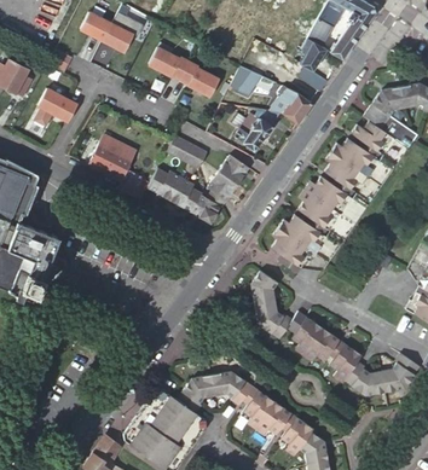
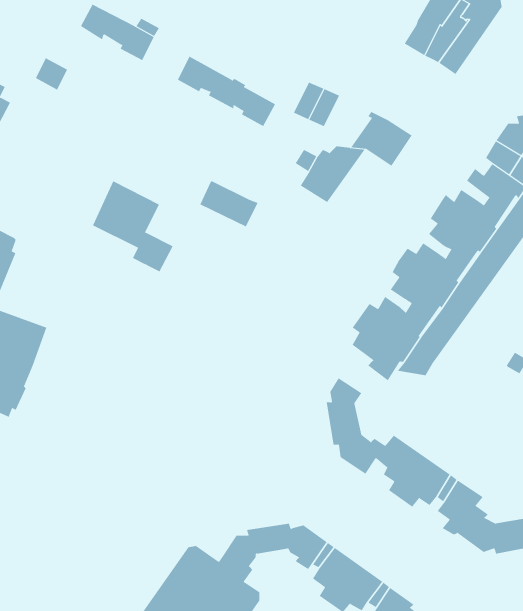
building: [297,37,328,89] -> none
building: [37,86,76,120] -> none
building: [145,153,248,222] -> none

